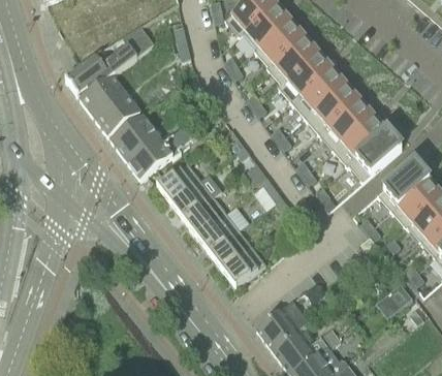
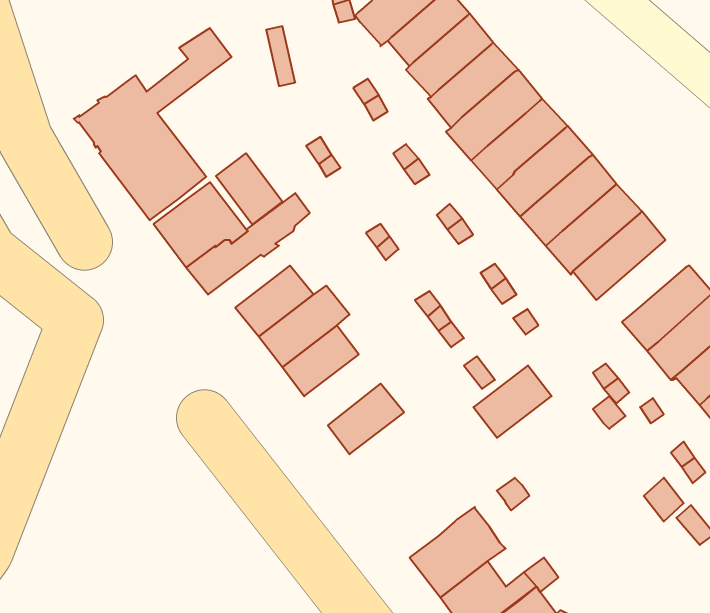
building: none -> [216,153,282,225]
building: [195,212,239,252] -> none
building: [221,245,265,286] -> [473,365,552,438]

